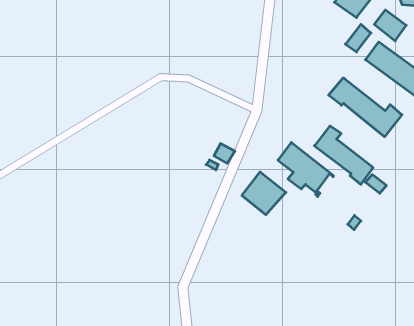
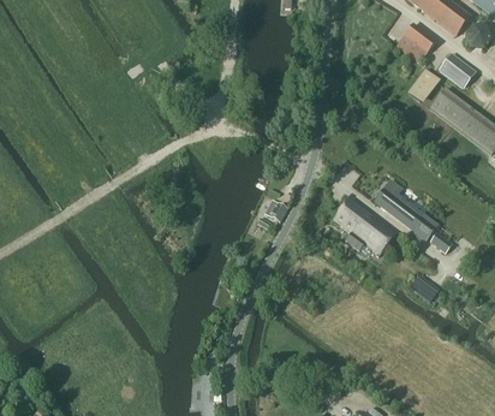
building: [329,78,402,137] -> none
building: [242,172,286,215] -> none

